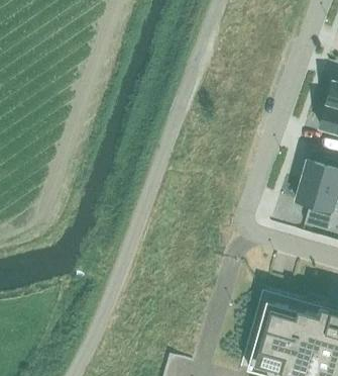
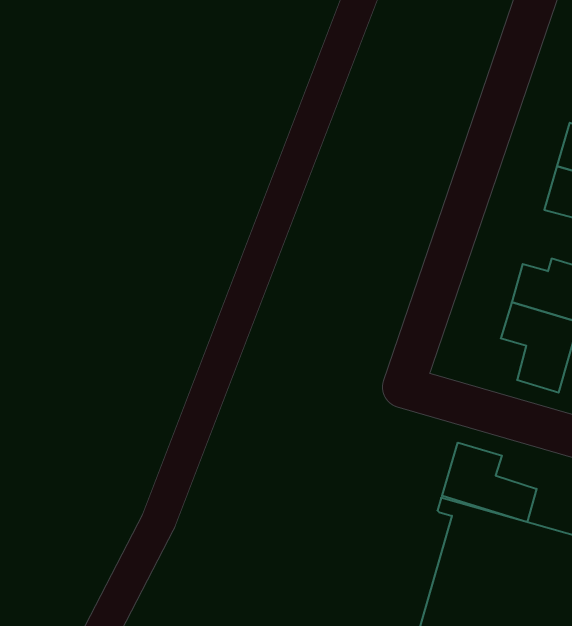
building: none -> [442,443,537,522]

